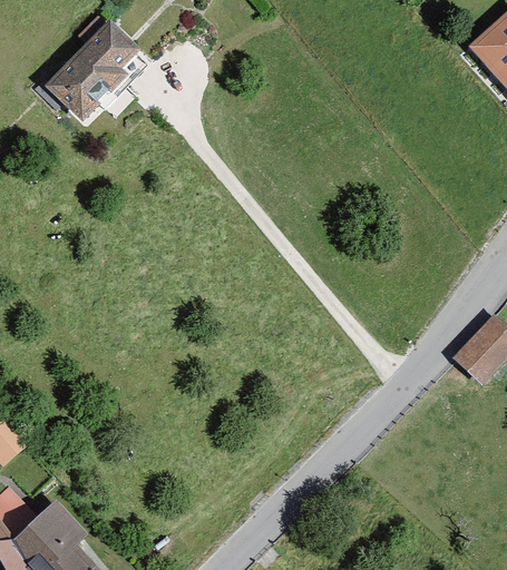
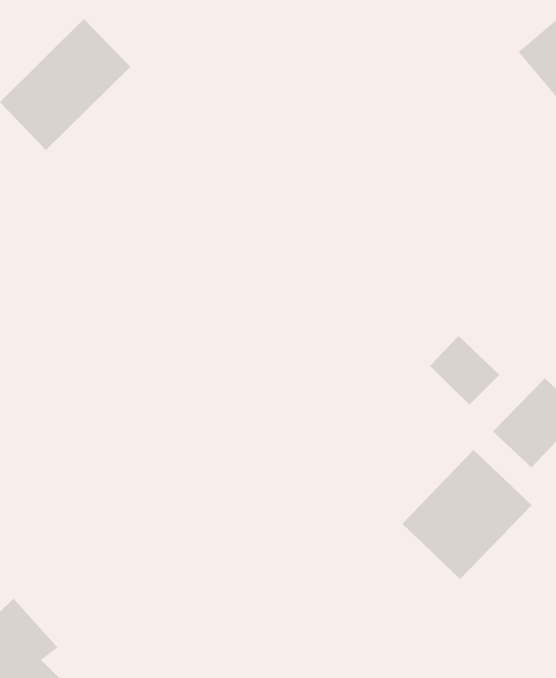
building: none -> [429,335,500,405]
building: none -> [402,449,532,580]

